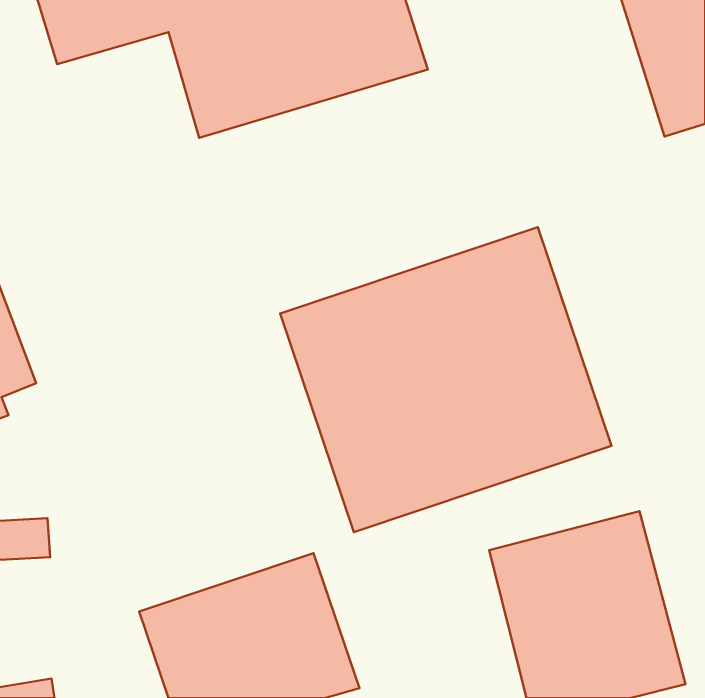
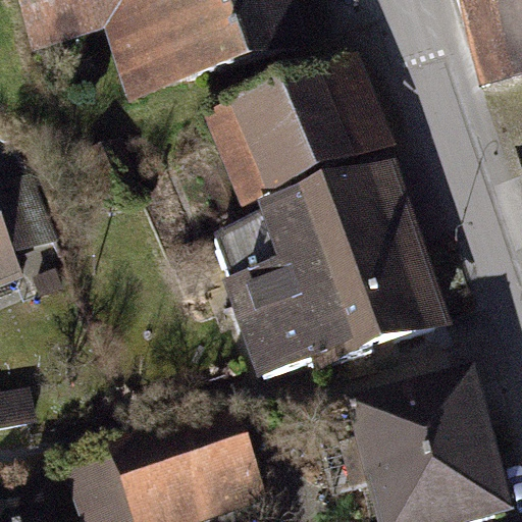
building: none -> [198,62,393,214]

